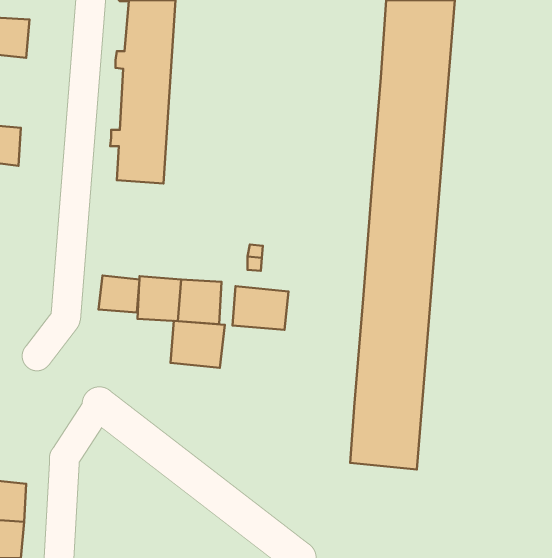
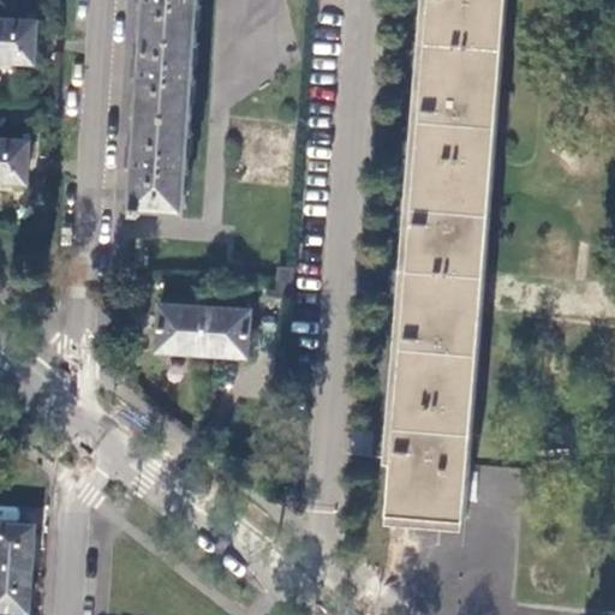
building: [99,276,139,313] -> none
building: [232,286,289,330] -> none
building: [170,321,225,368] -> none

